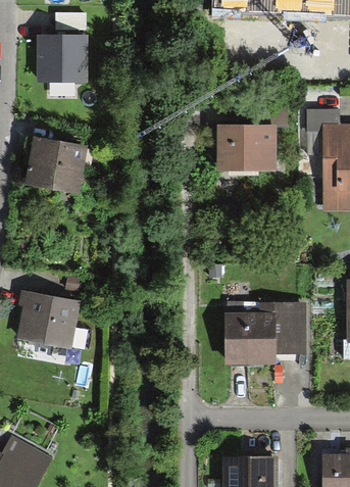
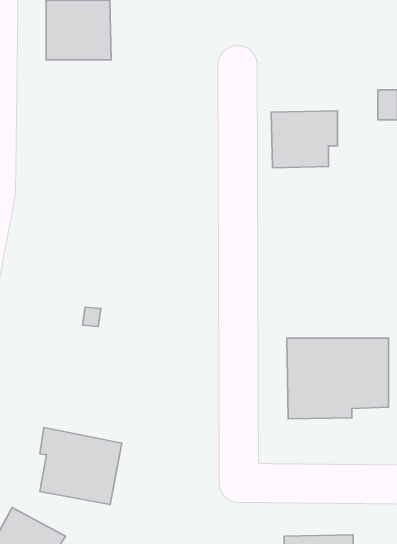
building: [24,137,90,194] -> none
building: [18,288,83,348] -> [40,428,122,504]

